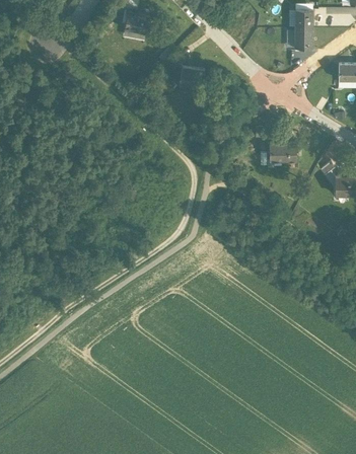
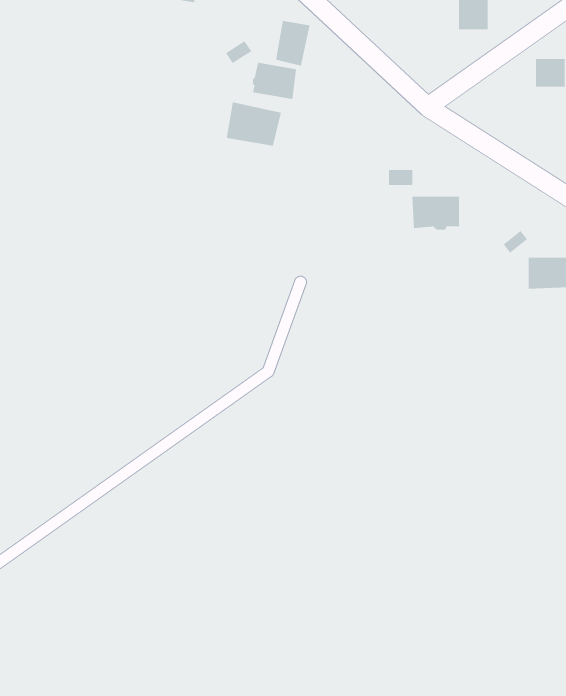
building: none -> [276,20,310,66]
building: none -> [226,102,281,147]

